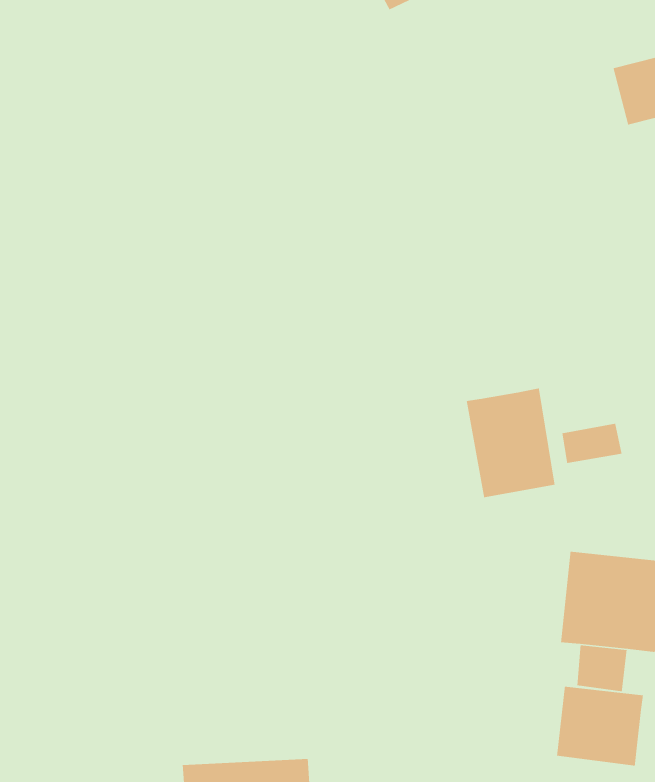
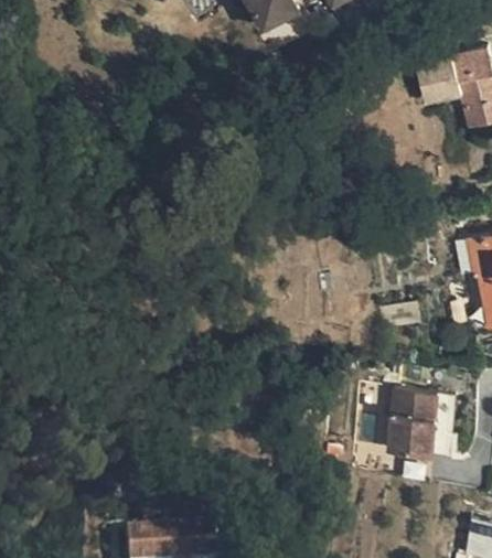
building: [466,388,556,498] -> none
building: [556,686,644,766] -> none

